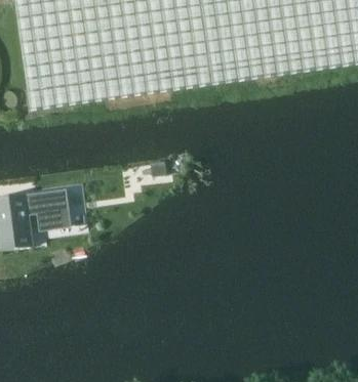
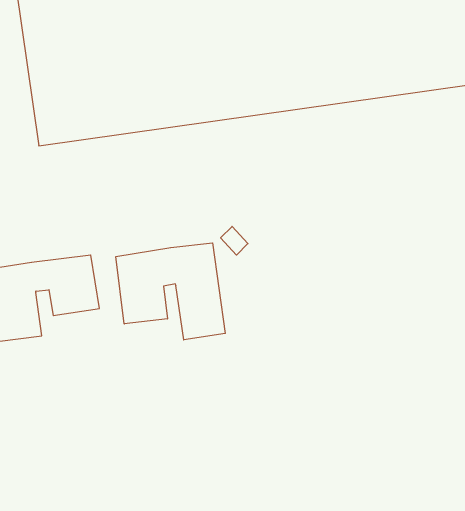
building: none -> [116,243,225,340]

